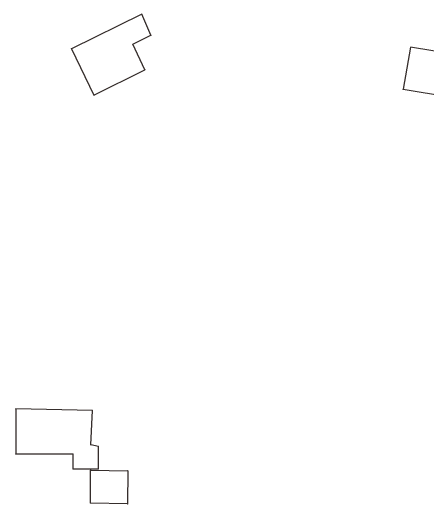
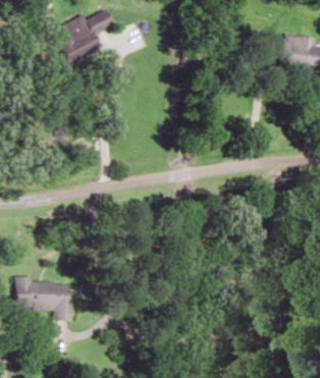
building: [90,470,128,504] -> none

